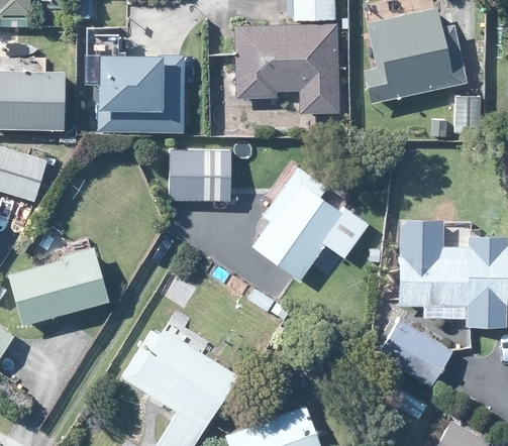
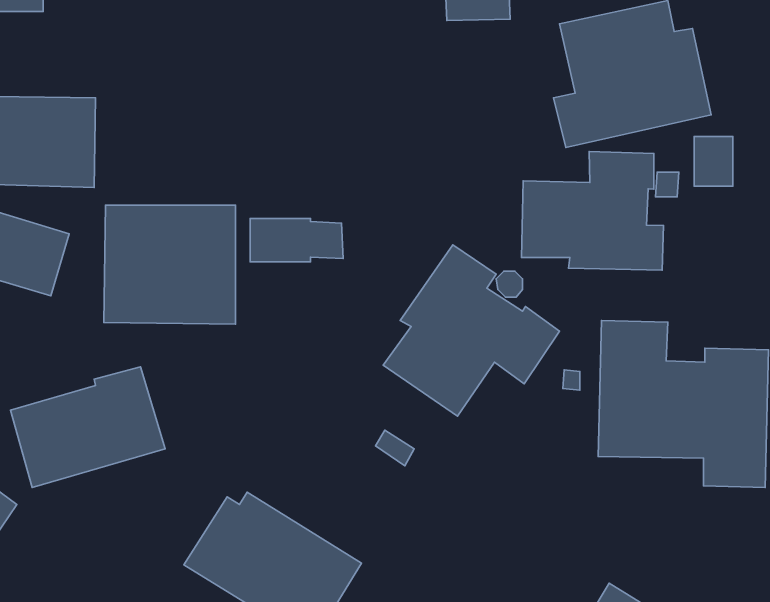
building: [235,23,339,114] -> none
building: [94,53,180,131] -> [104,205,235,324]
building: none -> [521,152,663,270]
building: [377,318,452,387] -> none

